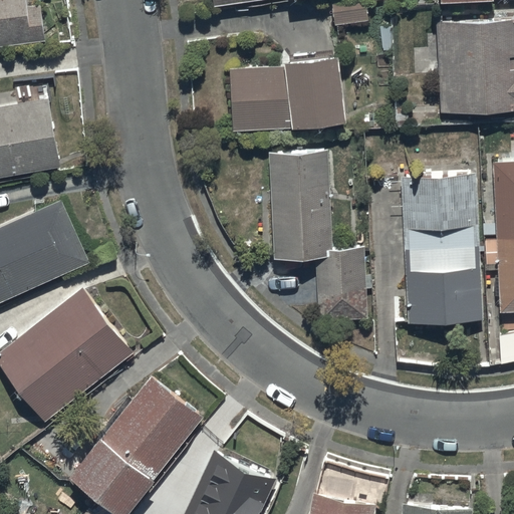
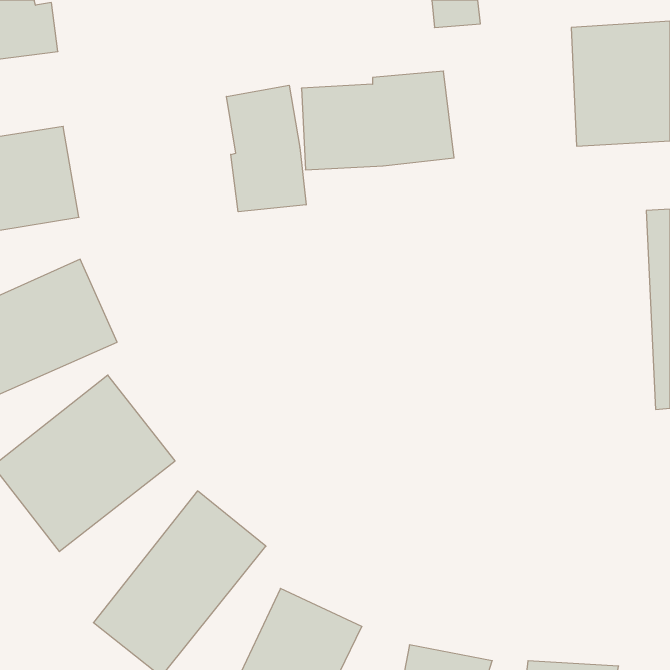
building: none -> [226,85,306,212]
building: [269,150,367,322] -> none
building: [400,174,483,324] -> none

